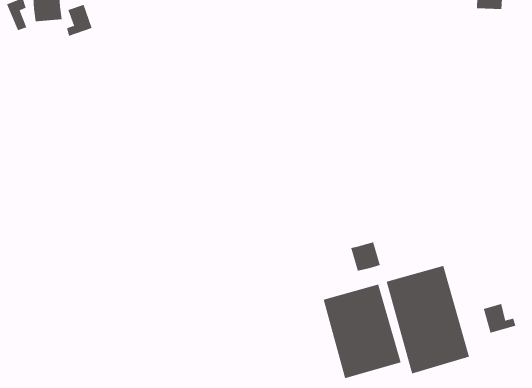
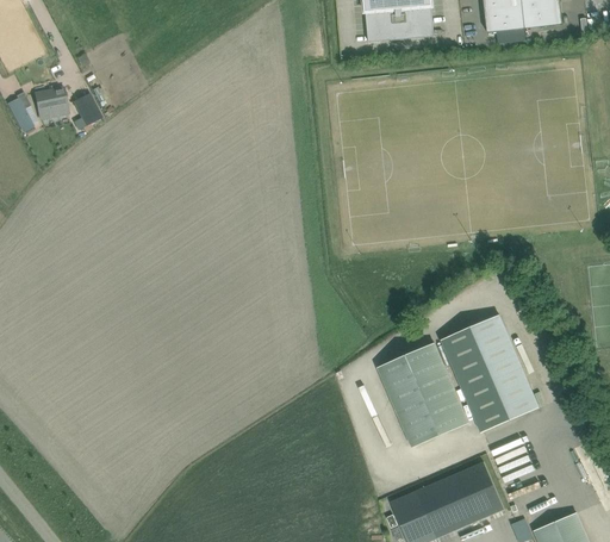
building: [350,241,380,272] -> none
building: [483,303,516,333] -> none

